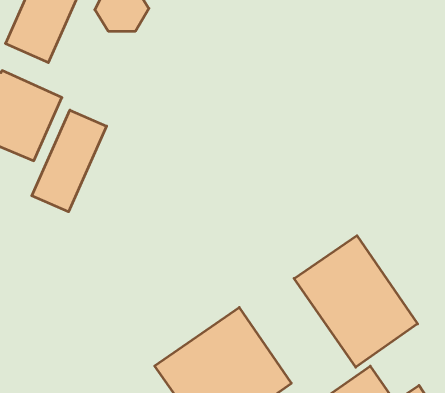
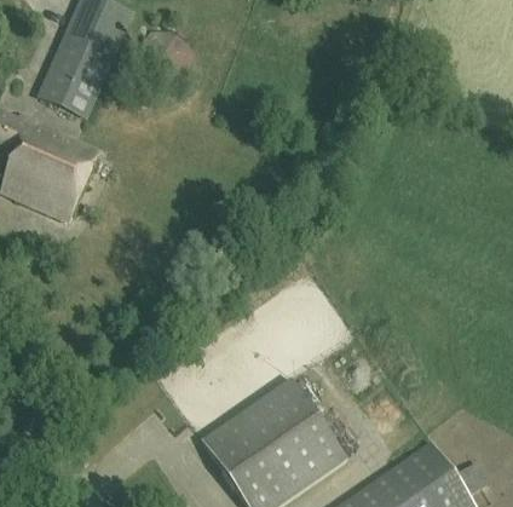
building: [32,110,107,212] -> none
building: [294,236,418,367] -> none

